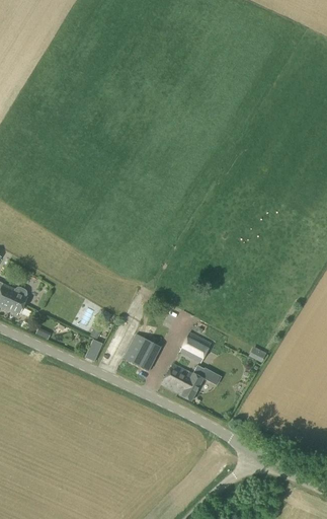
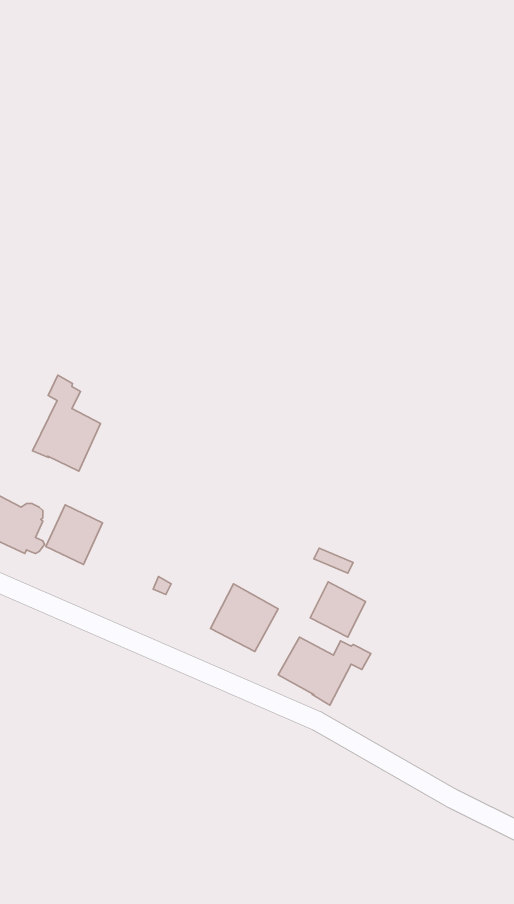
building: none -> [32,375,101,471]
building: none -> [46,505,103,565]

